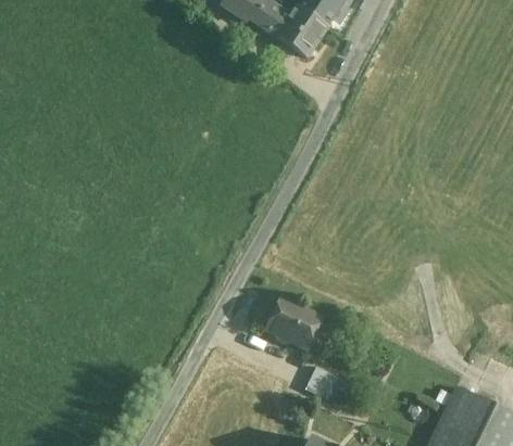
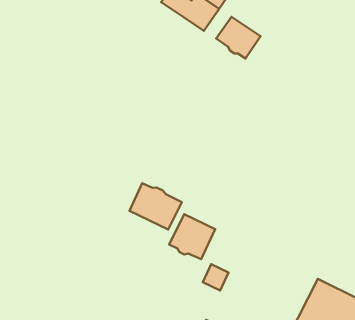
building: none -> [216,17,260,59]
building: none -> [129,183,182,229]

